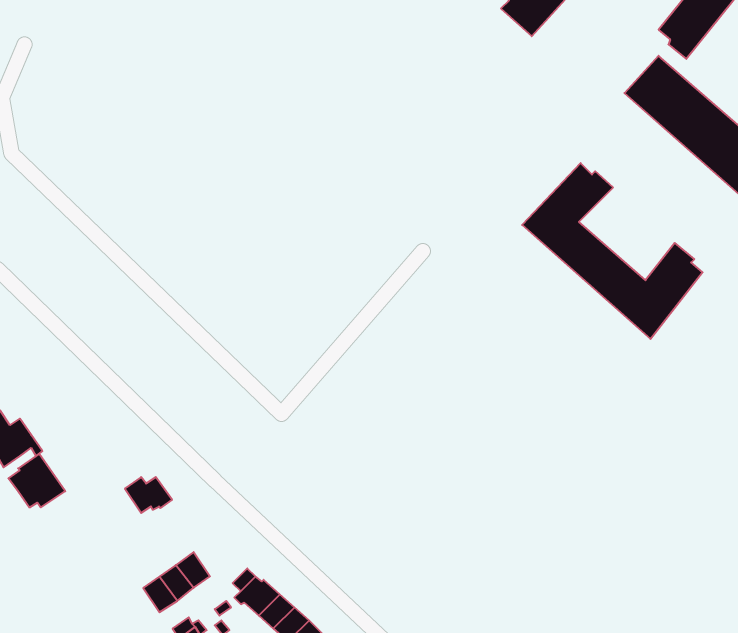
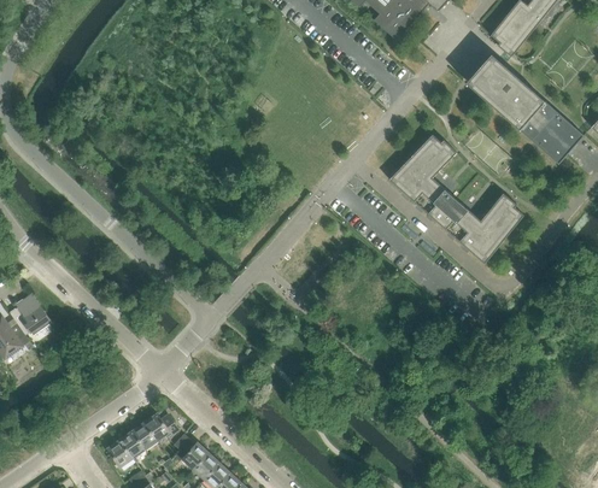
building: [8,454,65,507] -> [10,295,52,335]
building: [125,477,172,513] -> [146,413,181,440]

